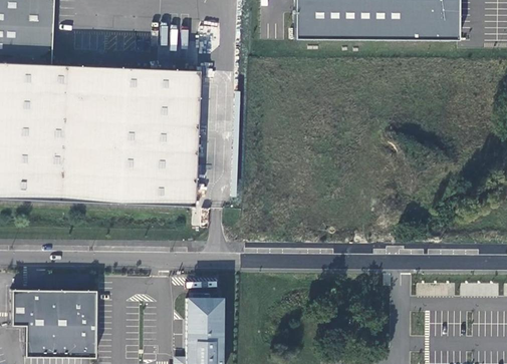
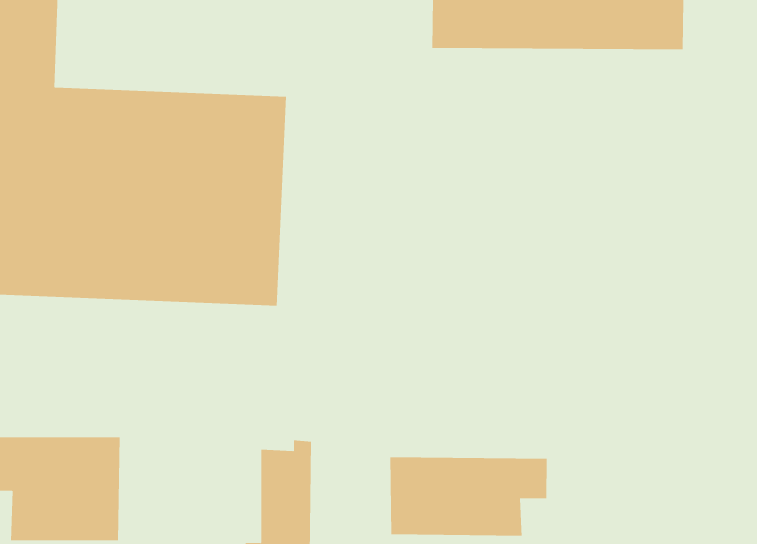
building: none -> [390,456,547,536]

